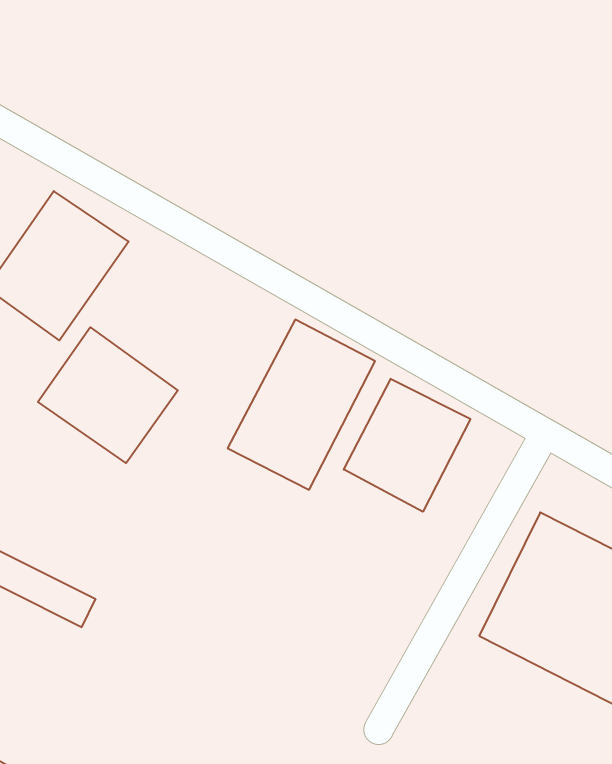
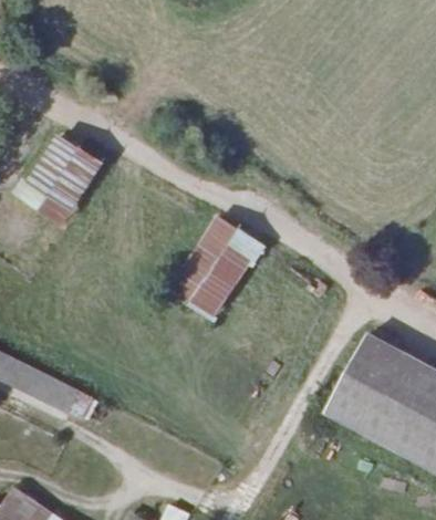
building: [38,327,178,463] -> none
building: [344,379,470,512] -> none

